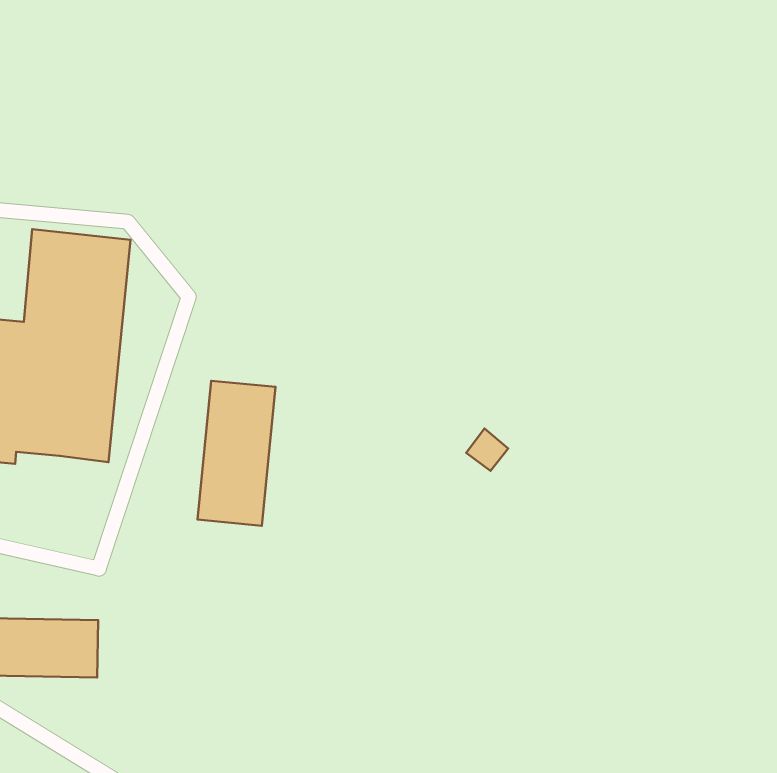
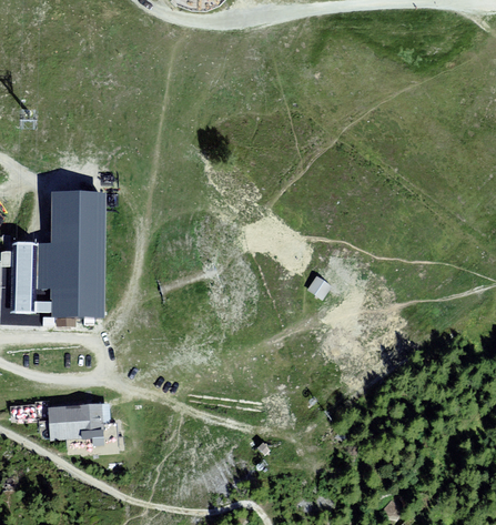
building: [197,381,276,526] -> none

